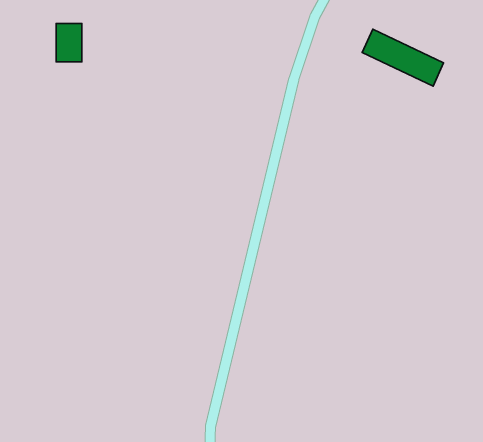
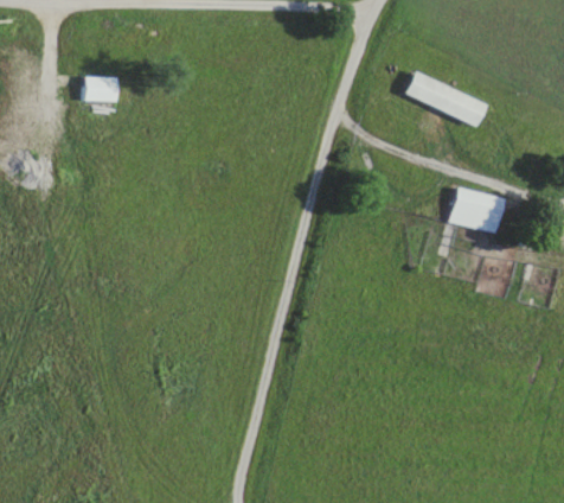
building: none -> [449,187,505,234]

